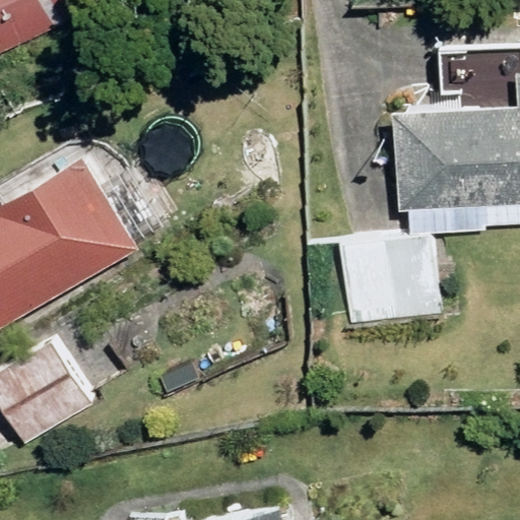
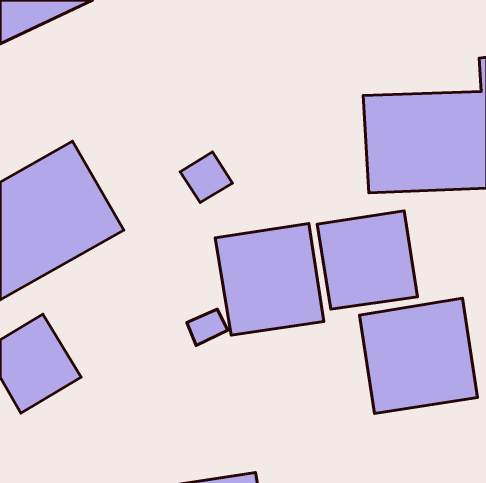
building: none -> [215,223,324,335]
building: none -> [360,298,478,414]

